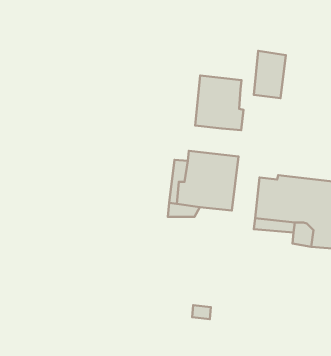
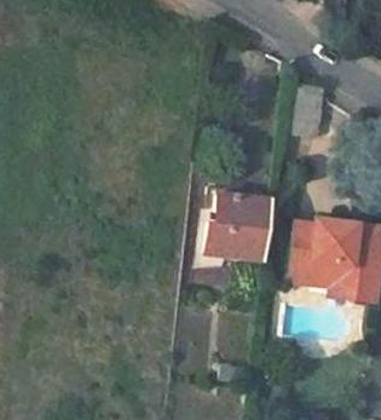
building: [195,75,244,130] -> none

